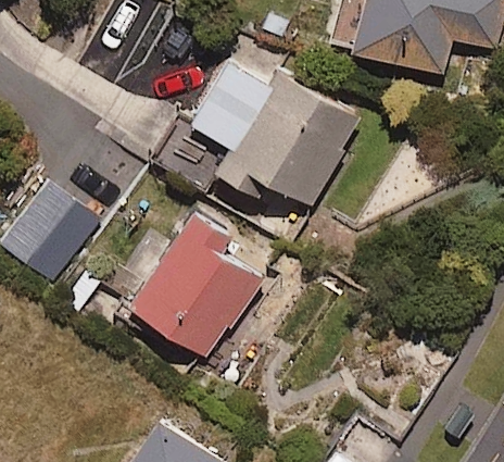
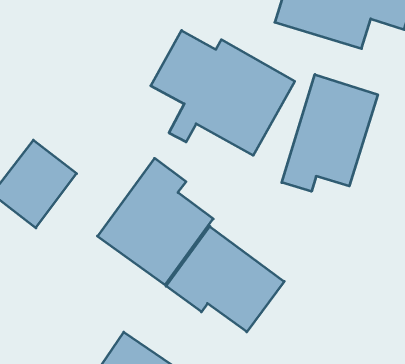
building: none -> [282,74,378,191]
building: none -> [166,226,284,332]

